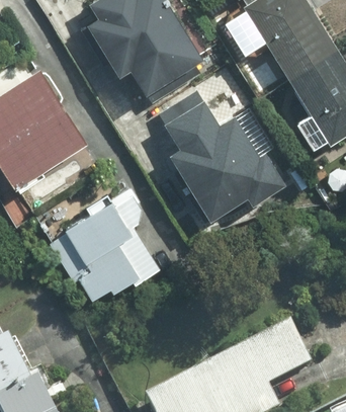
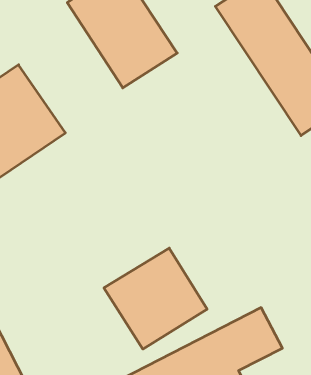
building: [157,90,286,219] -> none
building: [52,198,159,304] -> [104,248,207,349]

